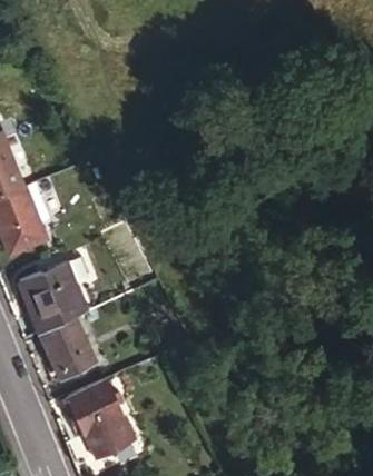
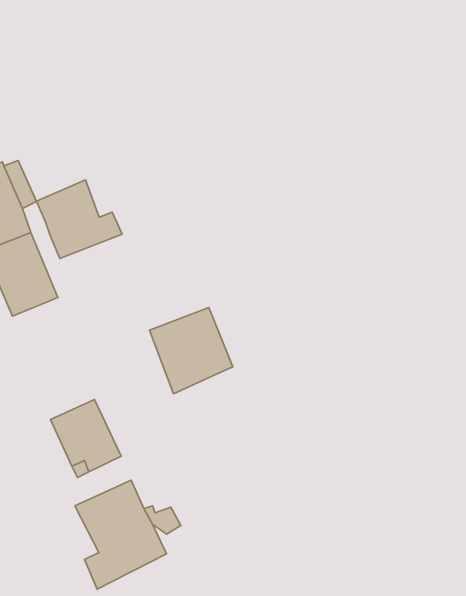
building: none -> [36,180,122,258]
building: [21,265,87,333] -> [149,307,233,394]

